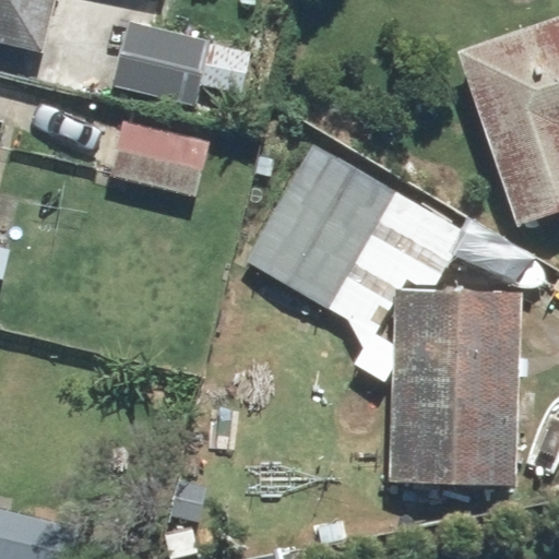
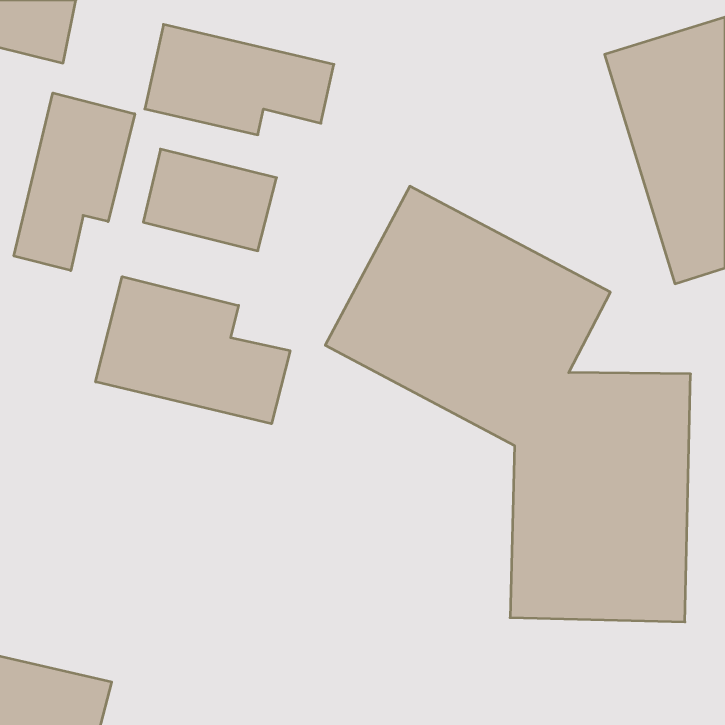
building: none -> [14,93,135,271]
building: none -> [96,277,290,424]

